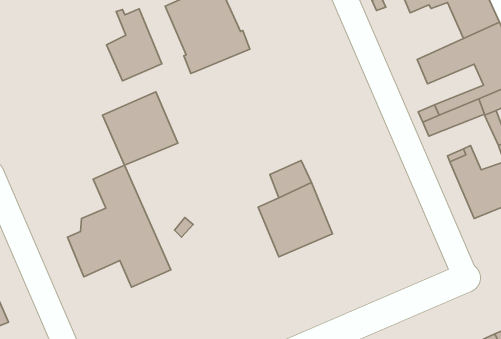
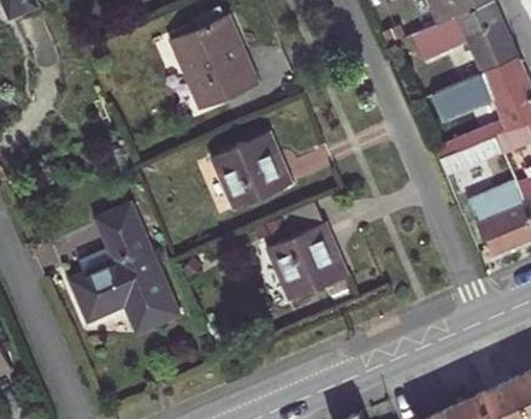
building: [107,9,162,81] -> none
building: [102,92,178,165] -> [212,132,290,208]

